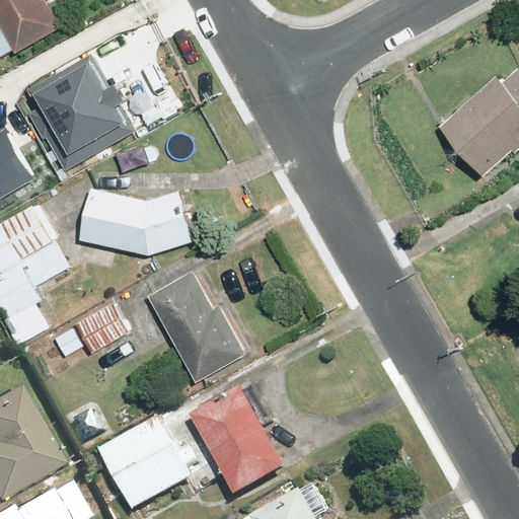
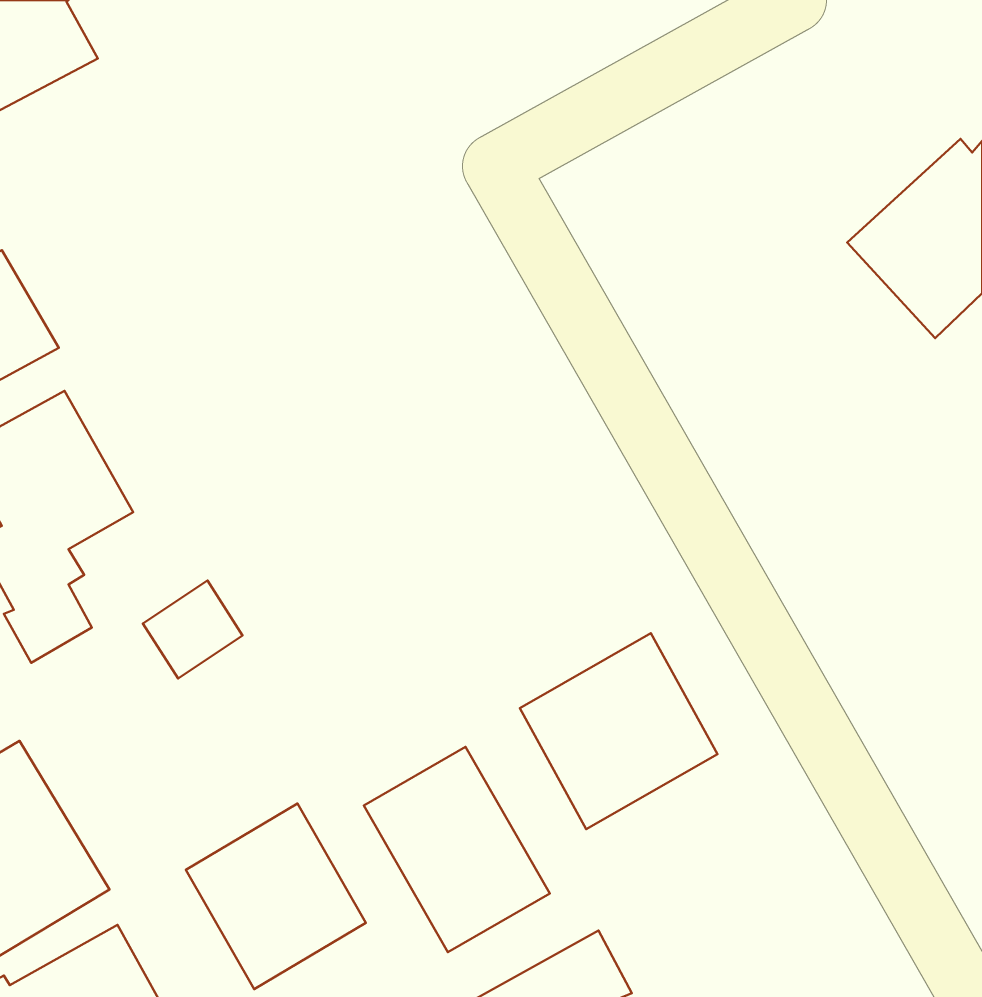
building: [38,67,138,163] -> none
building: [80,189,195,254] -> none
building: [147,270,247,382] -> none
building: none -> [520,633,717,829]

